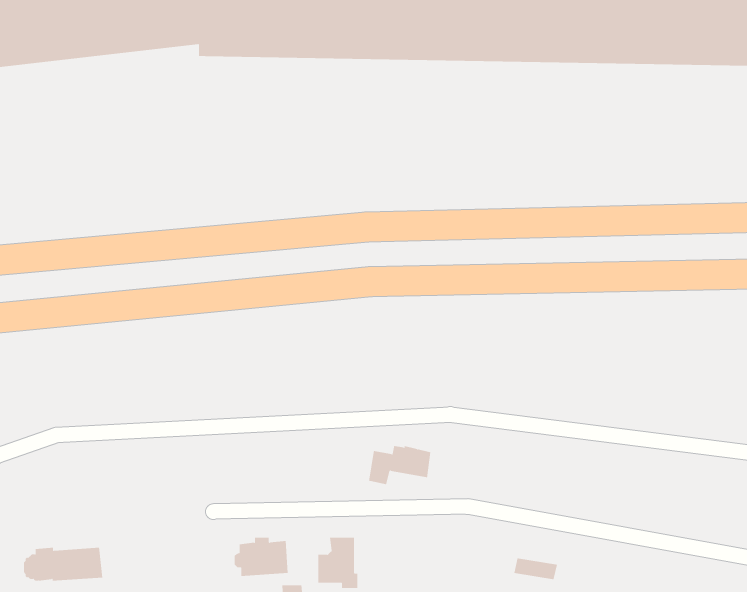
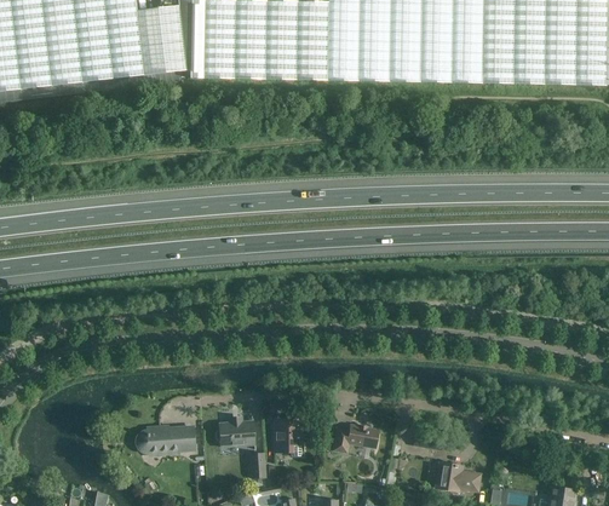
building: [368,445,431,485] -> [333,425,378,453]
building: [23,547,103,581] -> [138,427,195,452]

